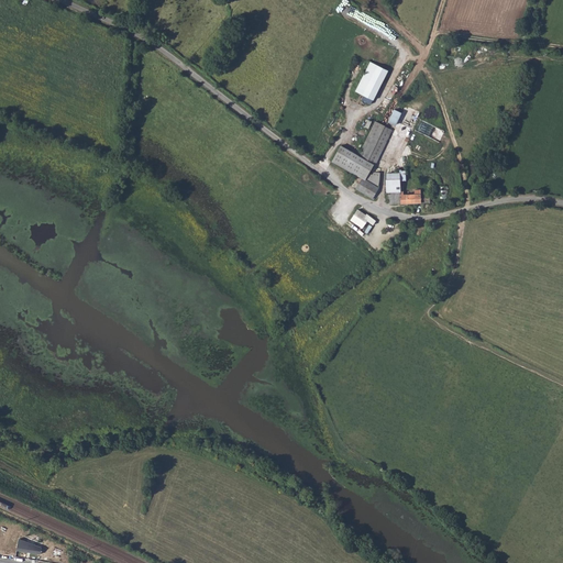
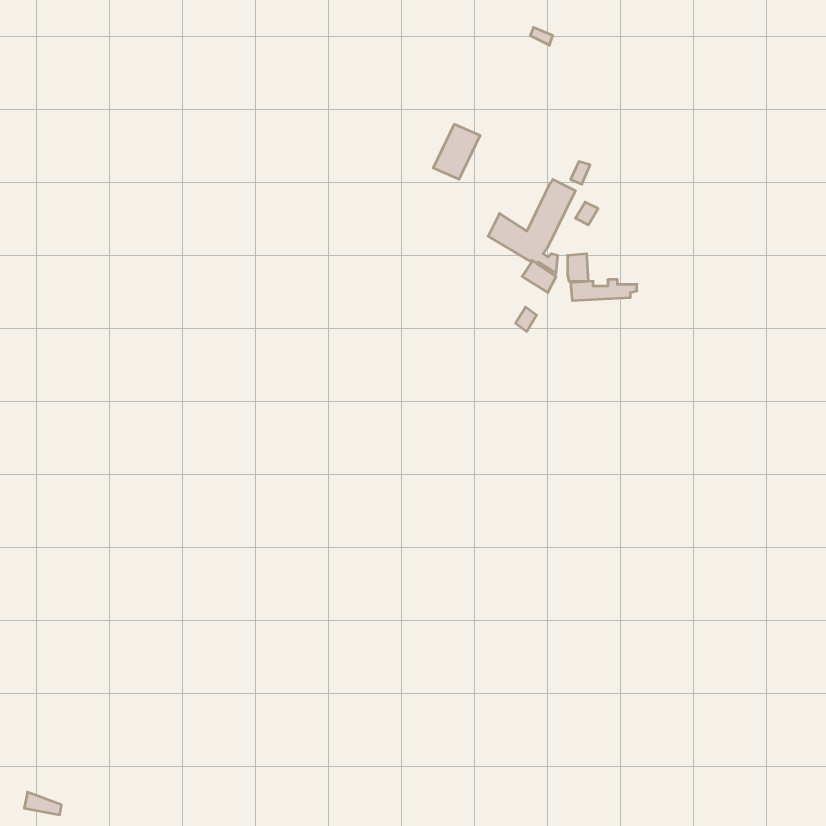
building: [356,62,388,99] -> [433,124,480,179]

